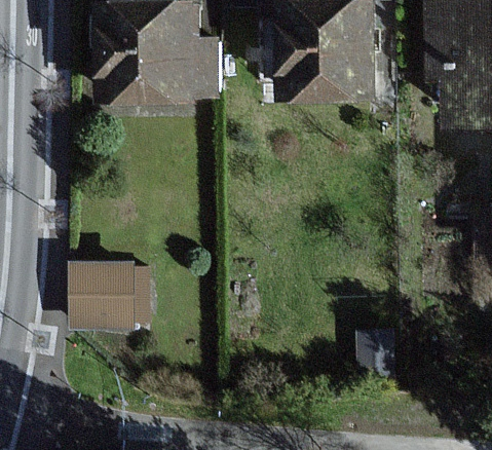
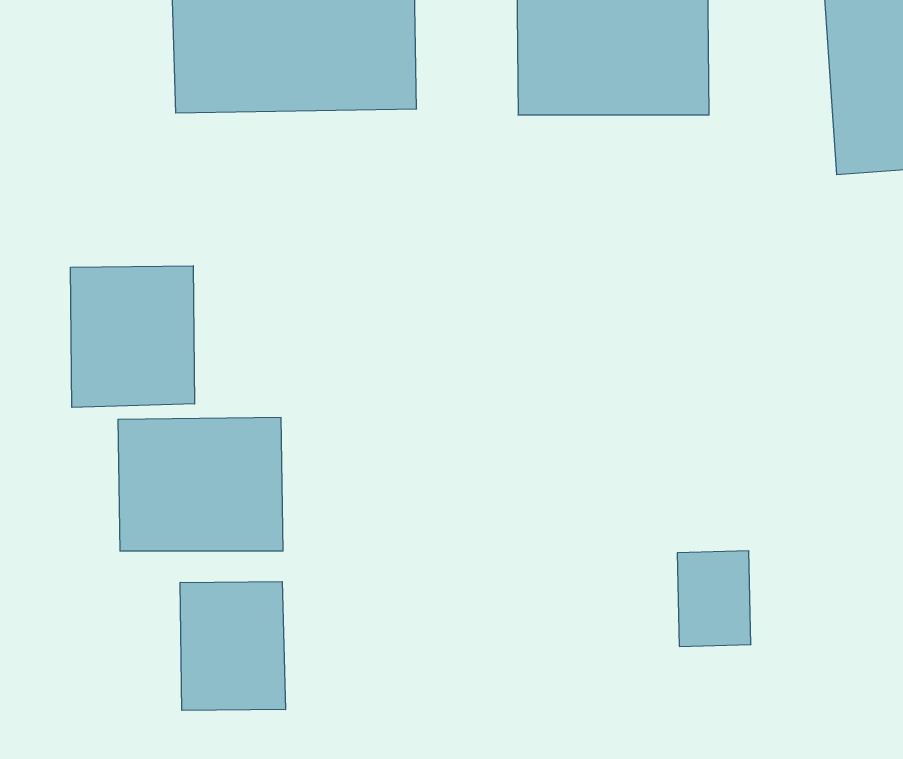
building: none -> [71,266,195,407]
building: none -> [180,582,285,710]

